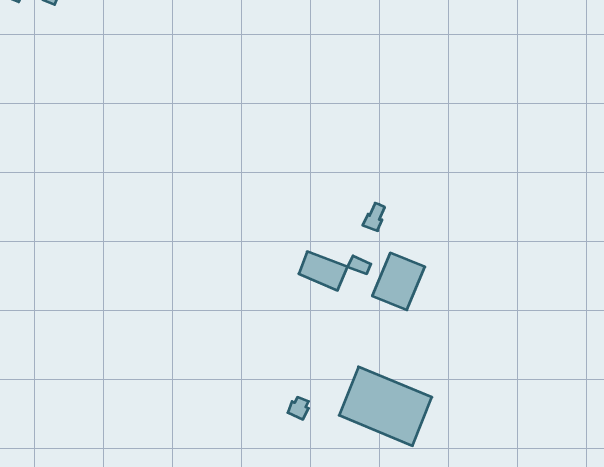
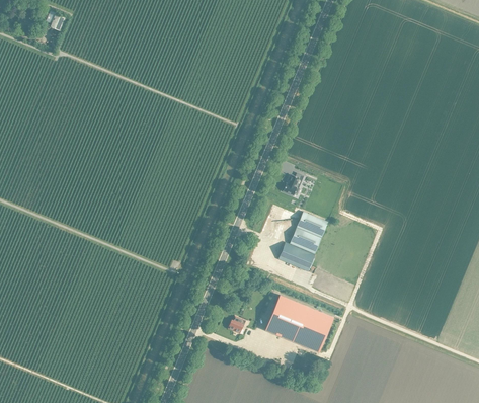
building: [299,252,347,290] -> [278,242,314,270]

